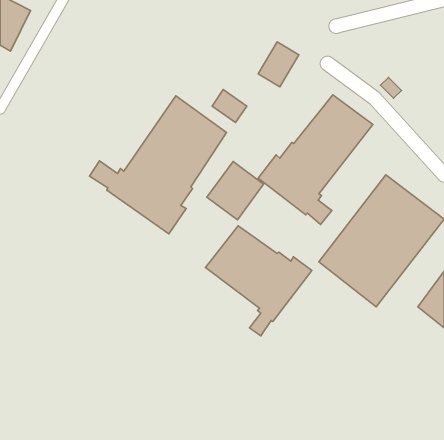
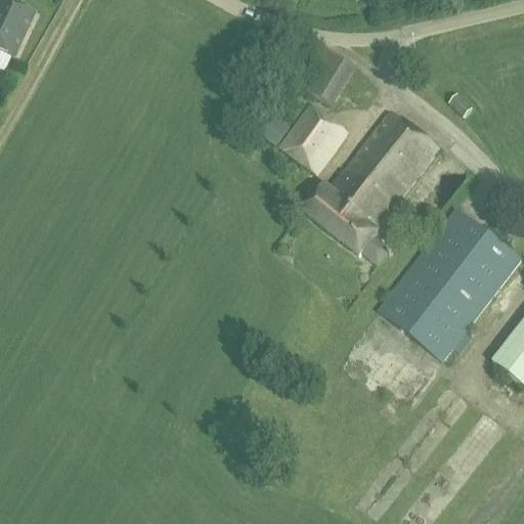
building: [89,96,227,234] -> none
building: [207,161,263,220] -> [280,103,347,172]
building: [205,226,312,336] -> none

